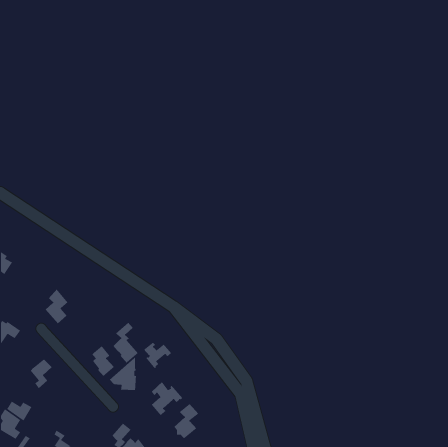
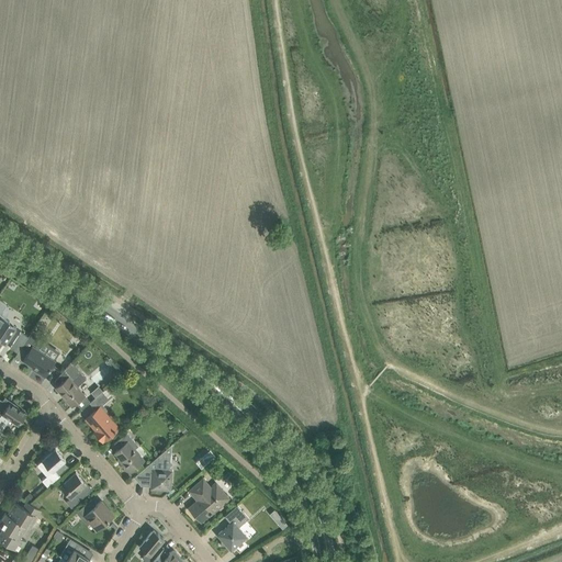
building: none -> [21,333,55,378]
building: [113,322,139,364] -> [86,390,119,442]
building: [143,342,172,369] -> none
building: none -> [59,473,87,508]
building: none -> [77,502,113,529]

